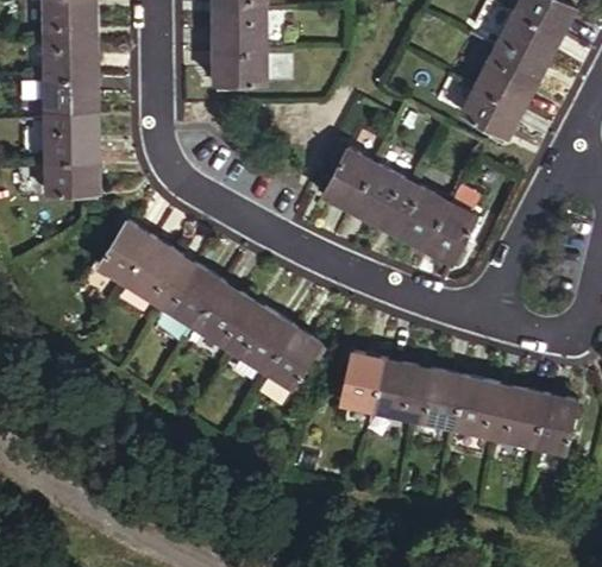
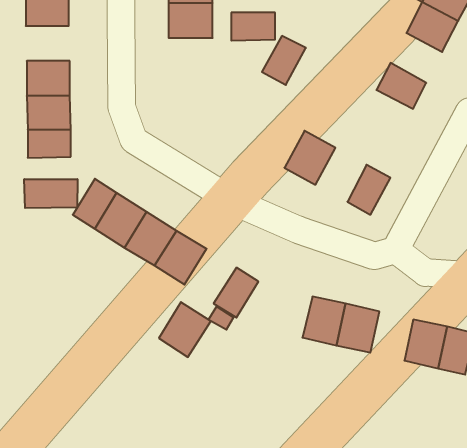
building: [43,39,95,81] -> none
building: [477,48,539,107] -> none
building: [213,53,265,87] -> [231,13,275,41]
building: [322,150,375,208] -> [262,36,306,85]
building: [388,184,449,248] -> none
building: none -> [24,179,77,208]
building: [232,304,294,370] -> [159,302,211,357]
building: [341,353,384,410] -> none
building: [453,379,504,437] -> none

